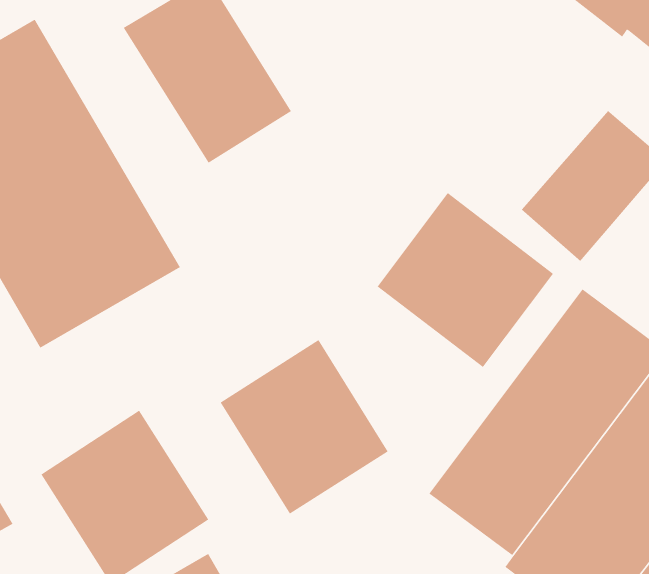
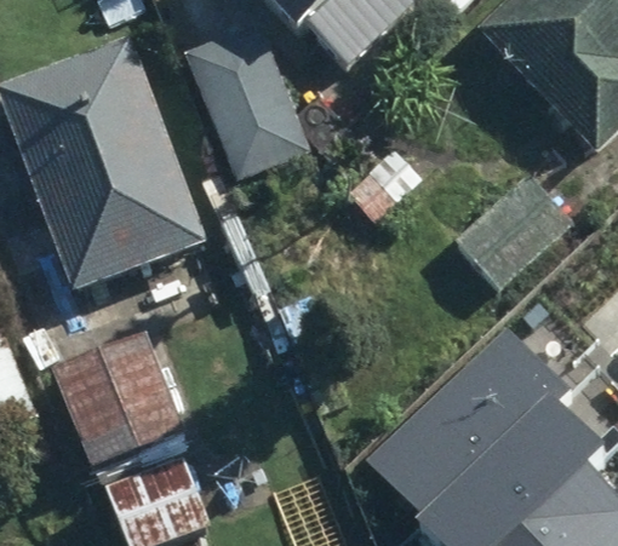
building: [377,192,554,368] -> none
building: [220,339,389,515] -> none

